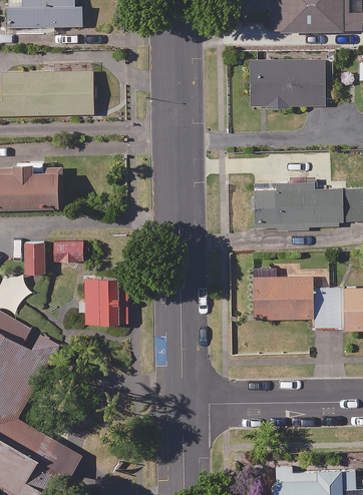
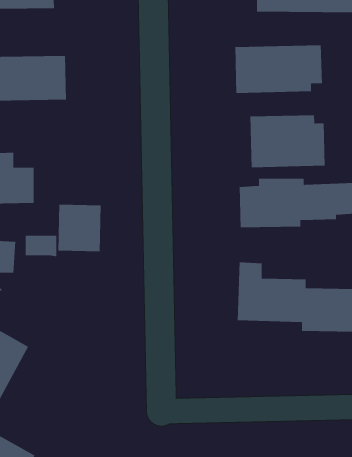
building: none -> [249,115,325,168]
building: [85,282,126,327] -> [58,204,102,252]

